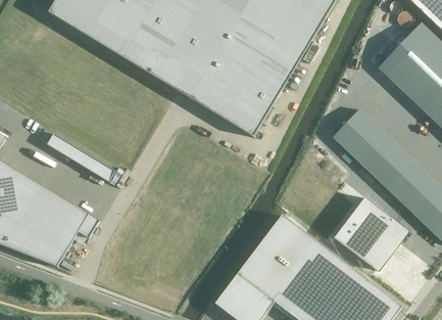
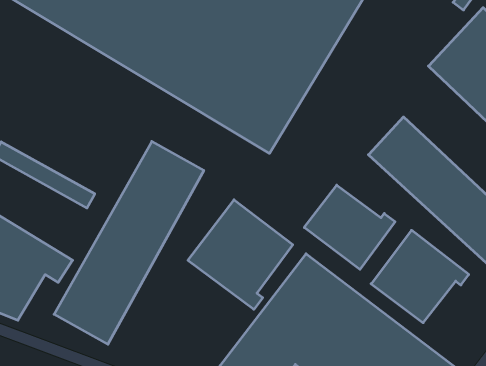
building: none -> [54,141,204,344]
building: none -> [304,185,395,269]
building: none -> [188,200,293,309]

